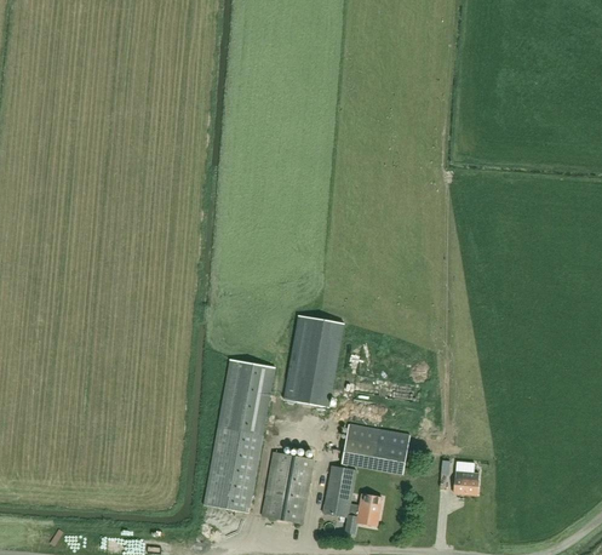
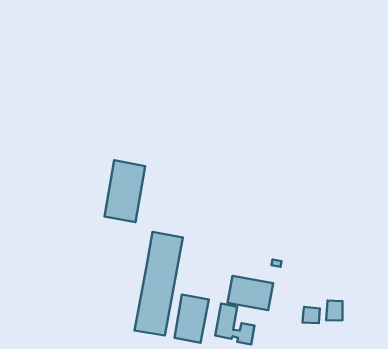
building: [283,314,344,406] -> [104,160,145,222]
building: none -> [326,300,343,321]

